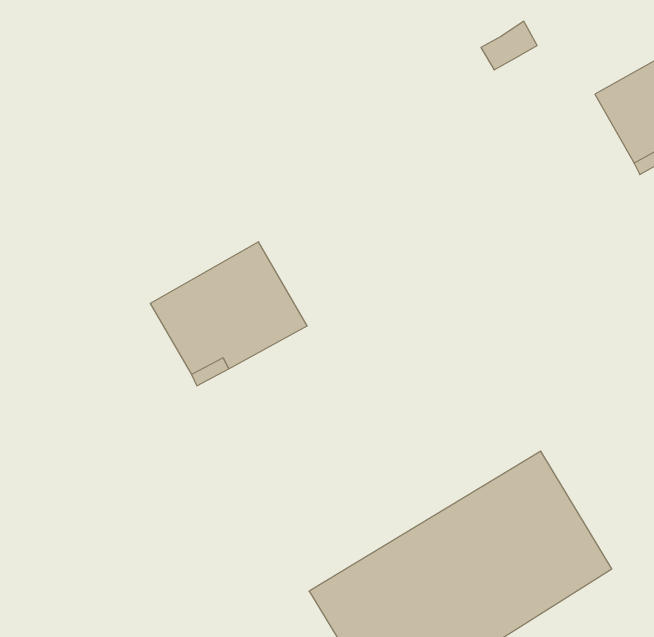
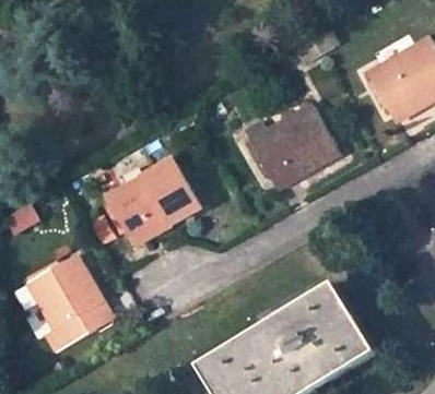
building: none -> [240,105,337,183]
building: none -> [25,256,98,350]

